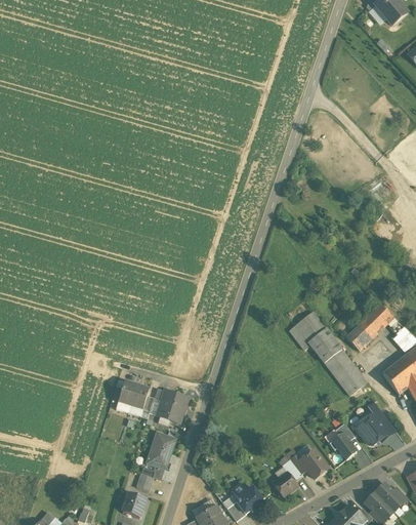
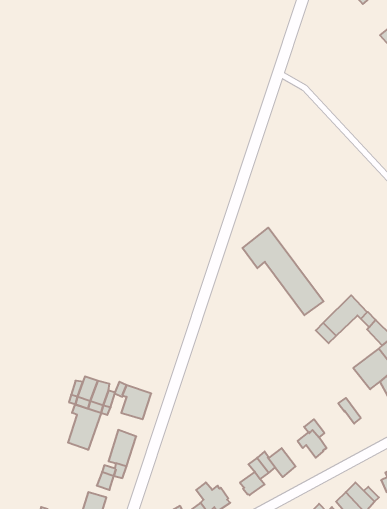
building: [289,311,367,395] -> [242,228,324,315]
building: none -> [68,404,101,450]
building: [357,414,385,444] -> none

